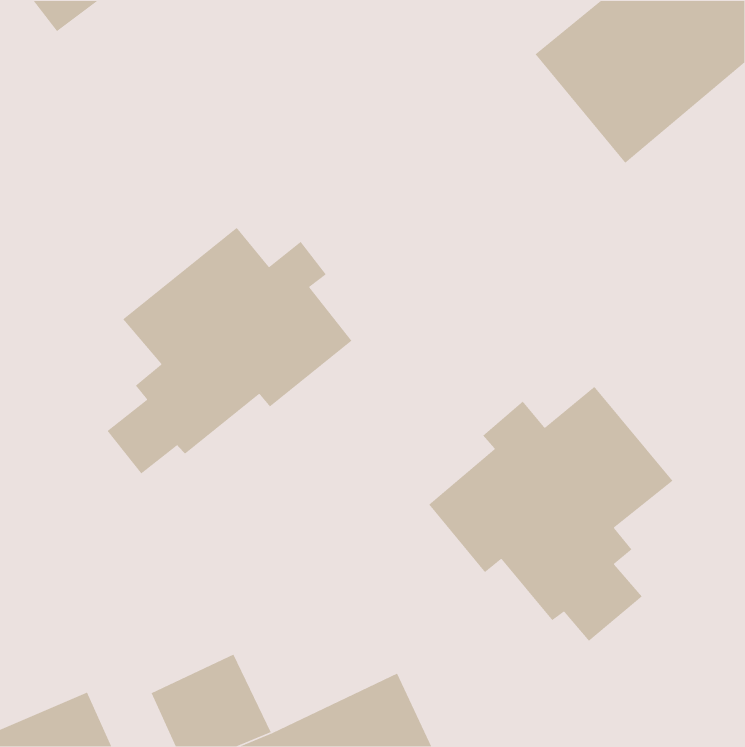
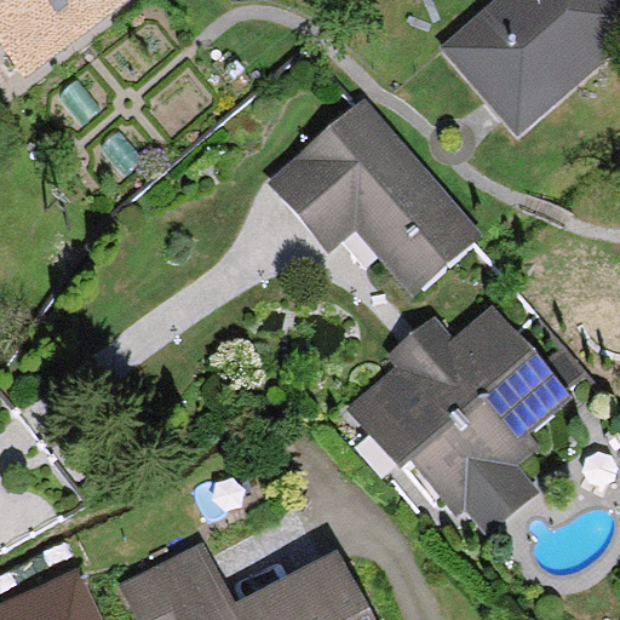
building: none -> [269,98,465,274]
building: [106,227,353,474] -> none

